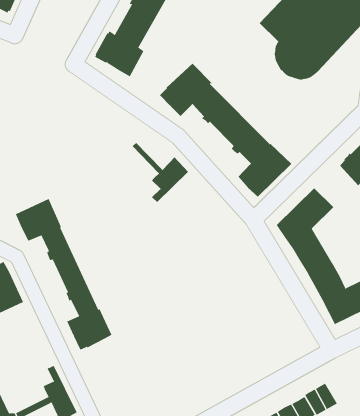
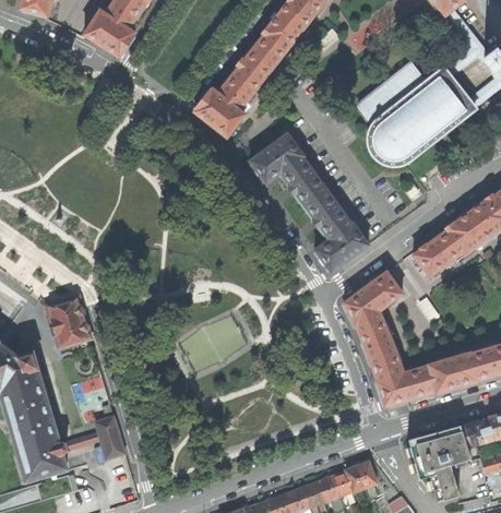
building: [132,142,189,203] -> none
building: [15,198,112,350] -> none

